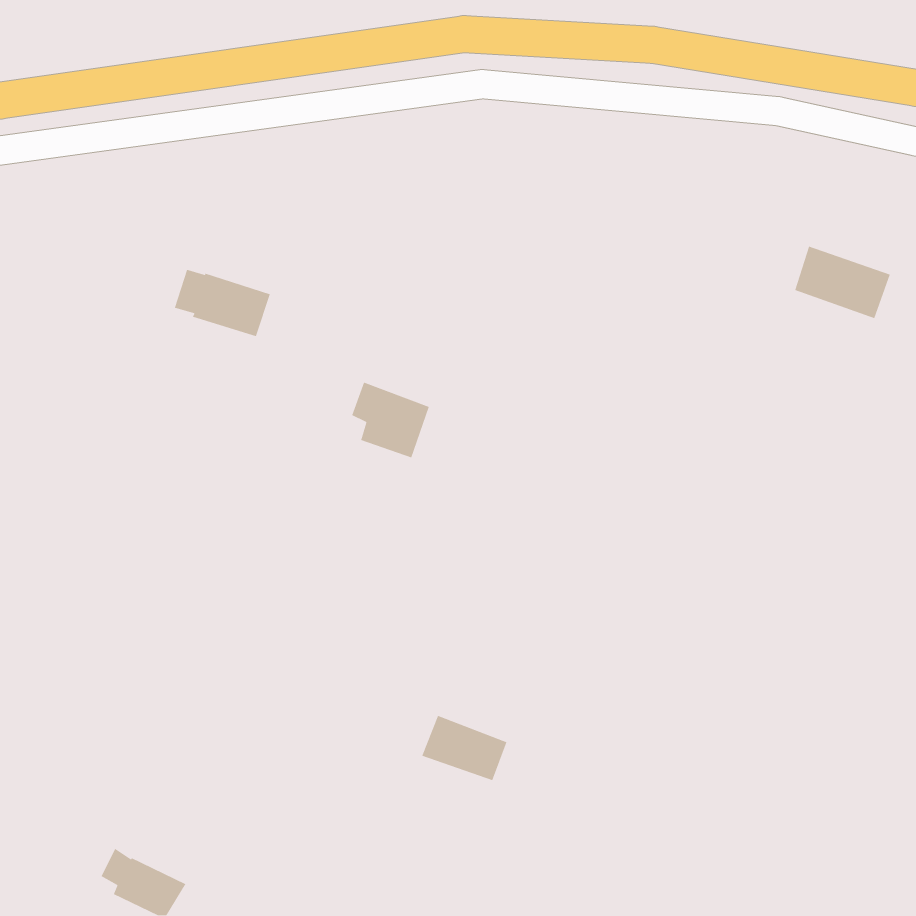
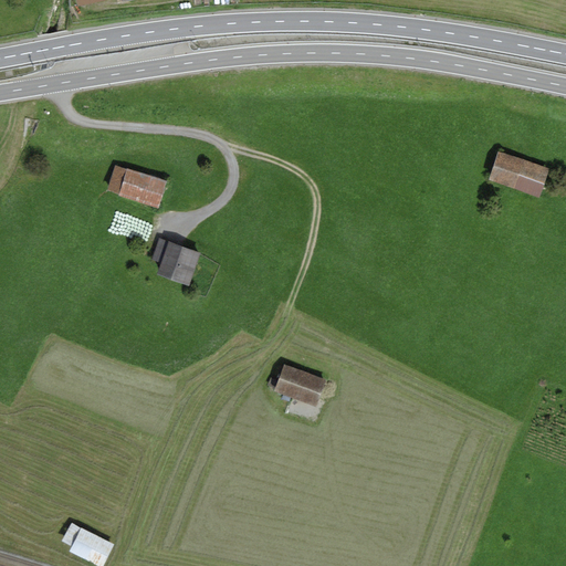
building: [351,381,430,458] -> [151,238,200,285]
building: [421,715,507,781] -> [275,364,328,405]

